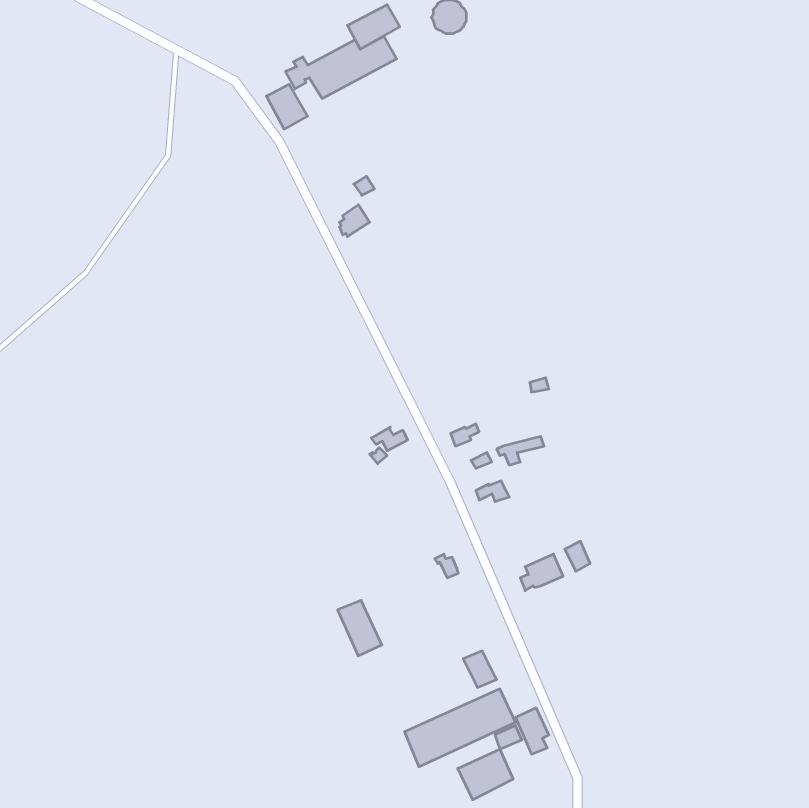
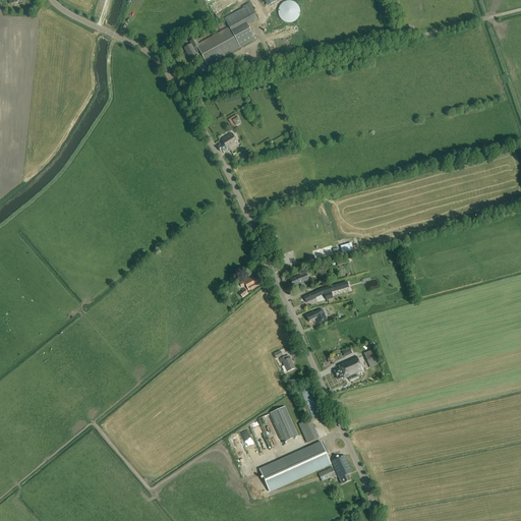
building: [266,84,308,129] -> none
building: [338,600,382,656] -> [270,406,298,442]
building: [458,749,513,800] -> none

